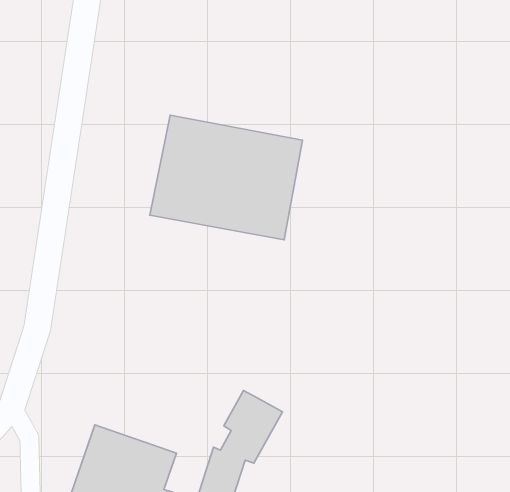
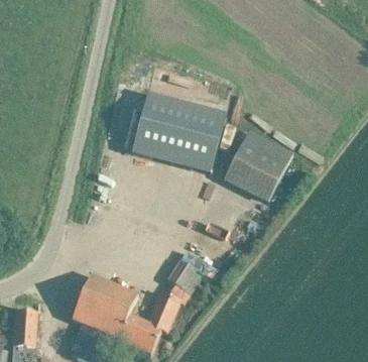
building: none -> [224,129,292,200]

